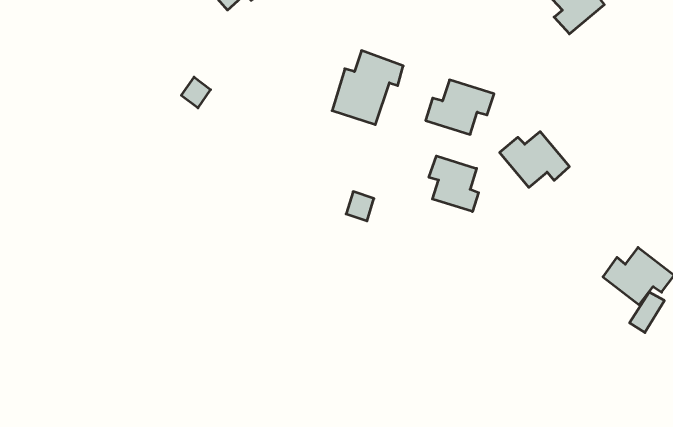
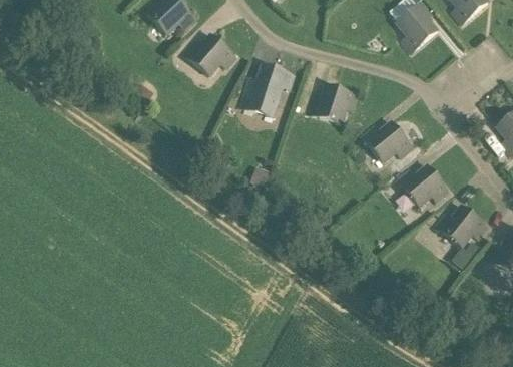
building: none -> [185,34,237,75]
building: [429,156,479,212] -> none
building: none -> [399,164,449,205]

